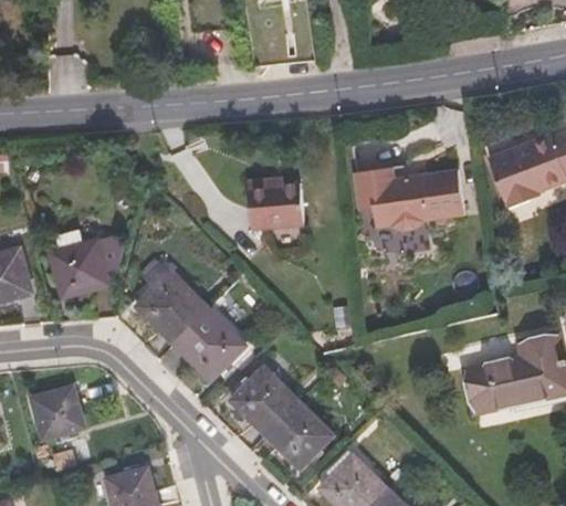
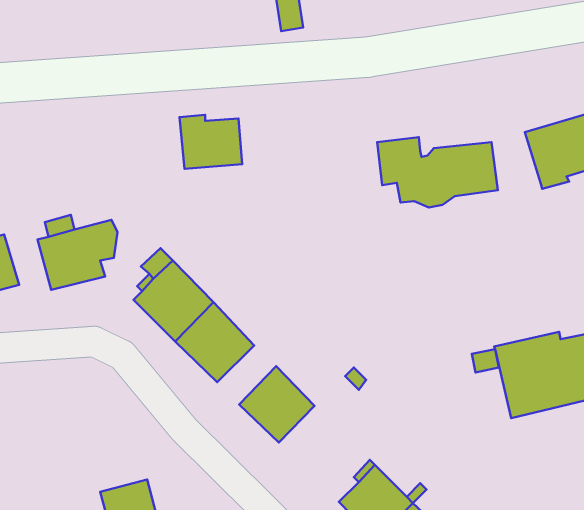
building: [249,180,305,229] -> [179,115,242,169]
building: [31,387,85,440] -> none
building: [266,402,334,470] -> none

